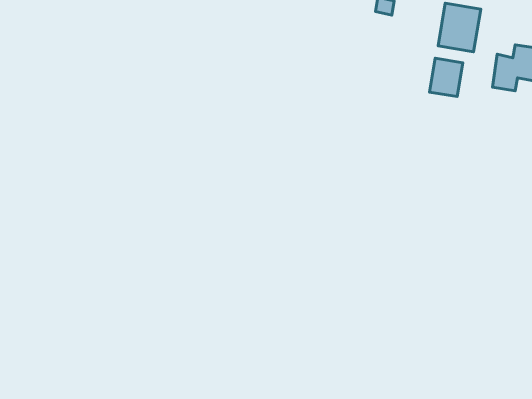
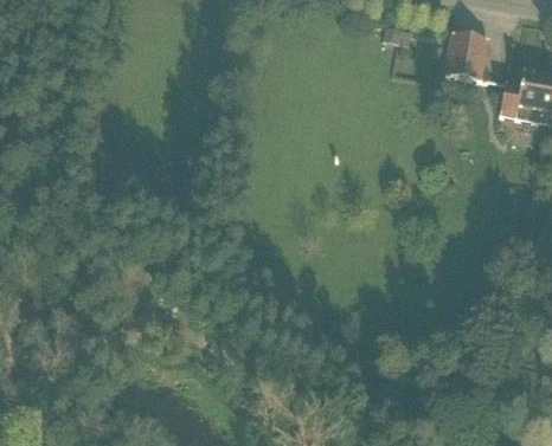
building: [430,58,463,97] -> none

